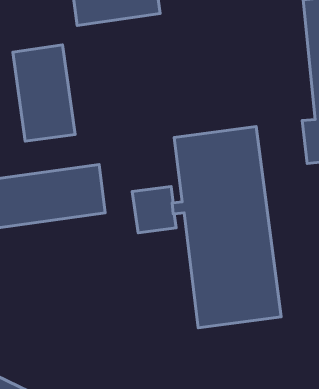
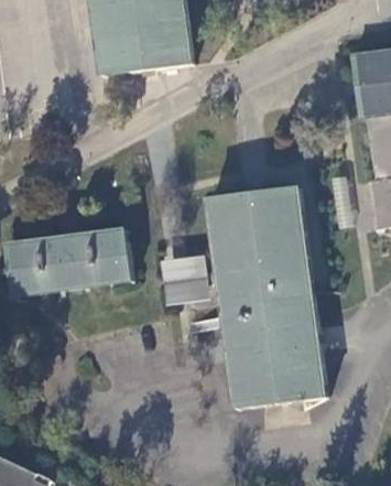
building: [13,45,75,141] -> none

